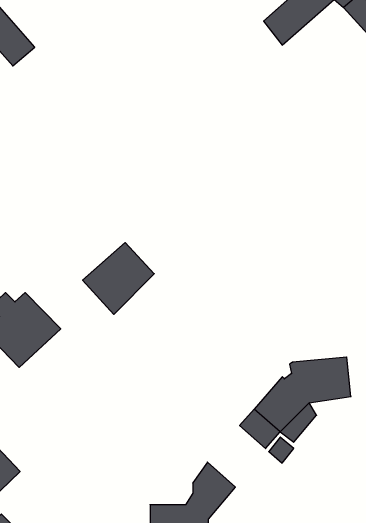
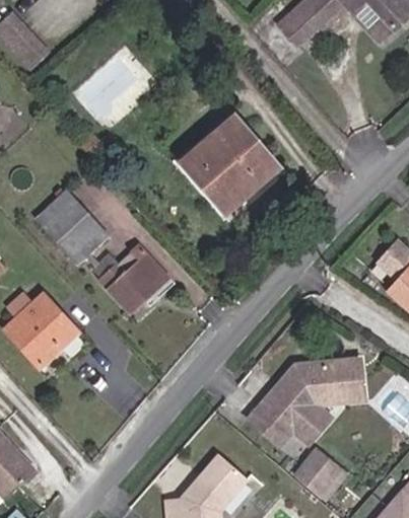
building: none -> [182,116,277,212]
building: none -> [33,186,109,261]
building: none -> [291,449,340,499]

